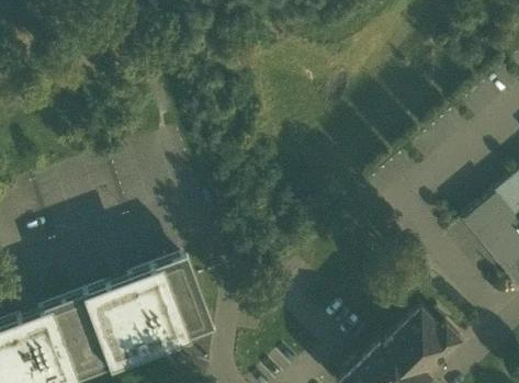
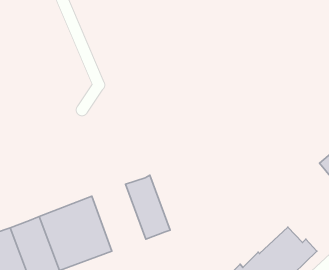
building: [153,256,213,342] -> [126,175,170,239]

